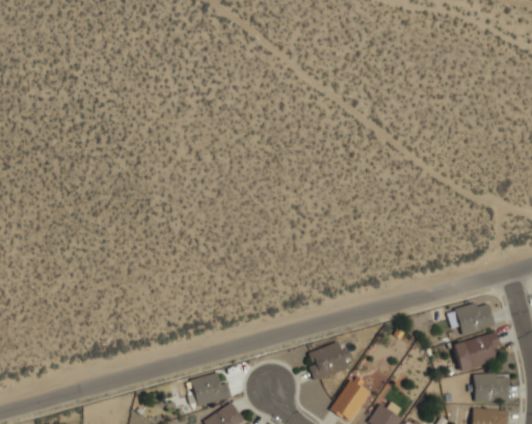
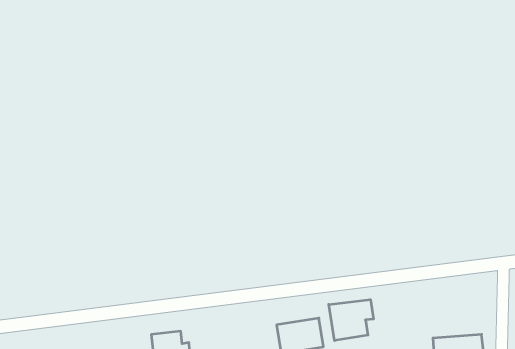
building: [450,300,496,335] -> none
building: none -> [329,300,373,341]

